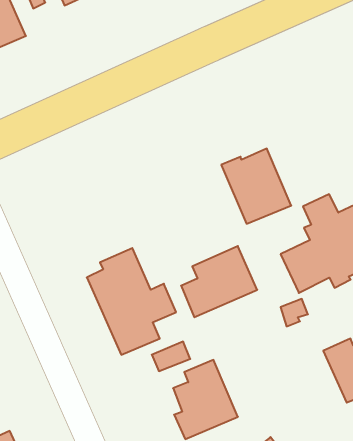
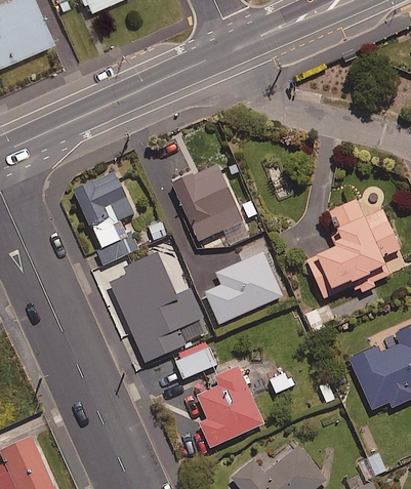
building: [221,149,291,224] -> [172,165,243,241]
building: none -> [73,171,139,263]

